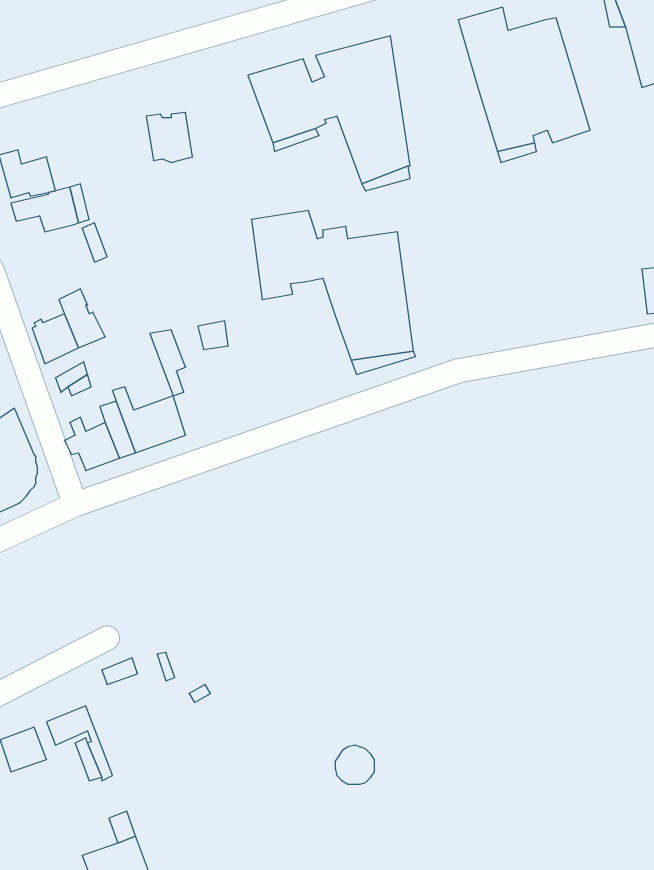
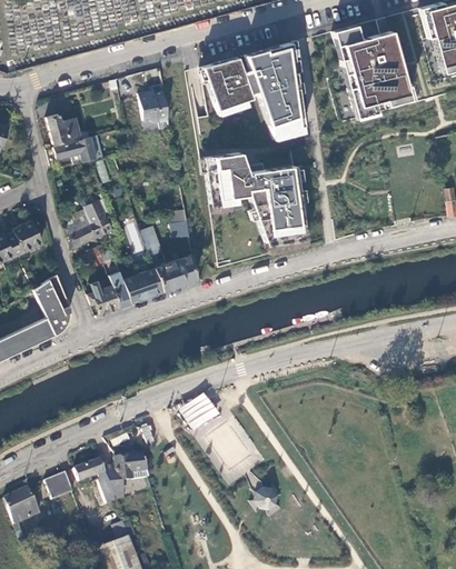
building: none -> [155,254,196,291]
building: none -> [180,391,222,431]
building: none -> [103,456,149,495]

